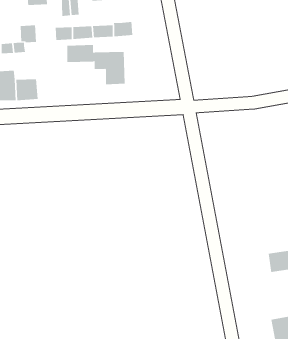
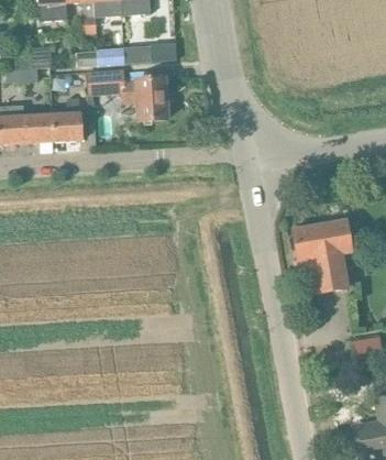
building: none -> [52,99,81,141]
building: none -> [293,221,353,296]

